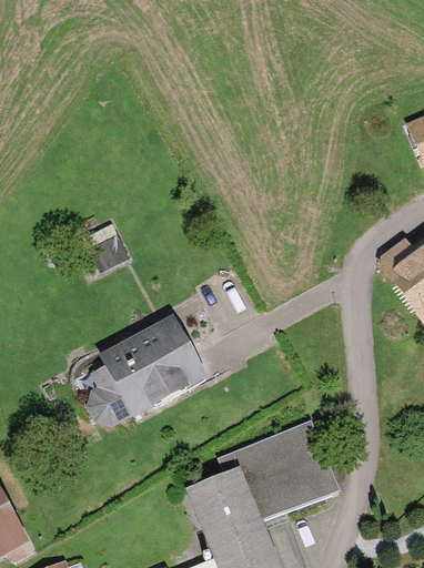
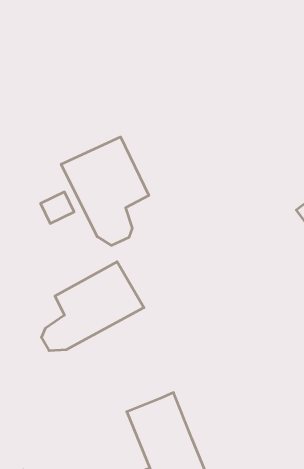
building: none -> [61,137,149,245]
building: [216,417,339,523] -> none

